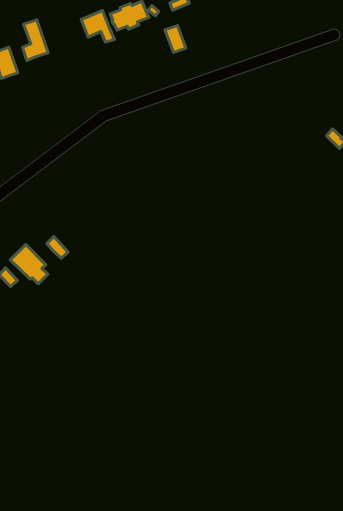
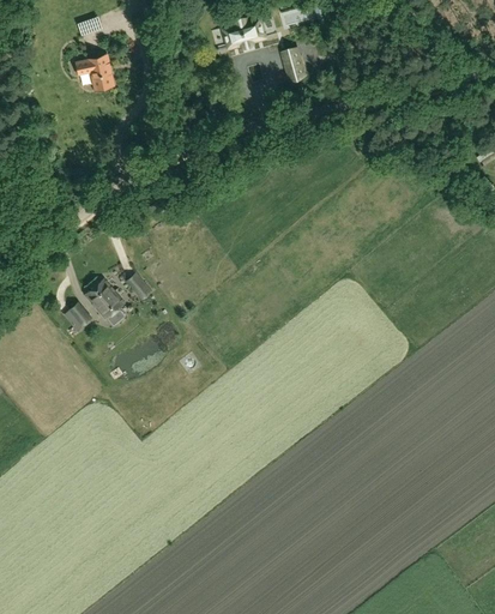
building: [81,11,115,42] -> none
building: [23,20,48,61] -> none

